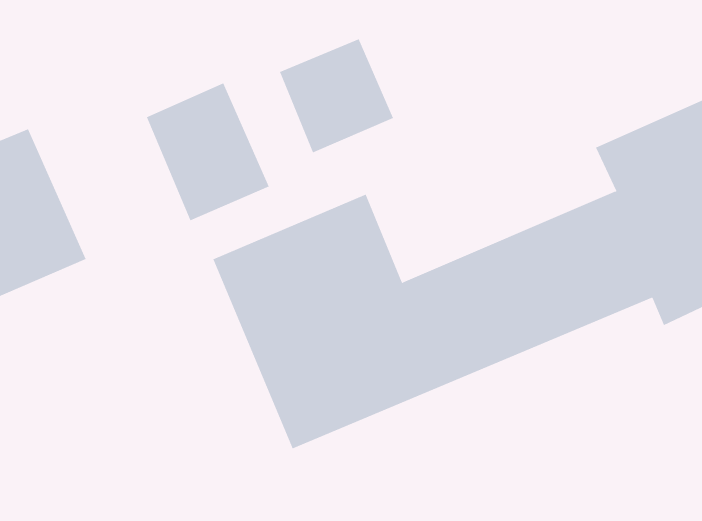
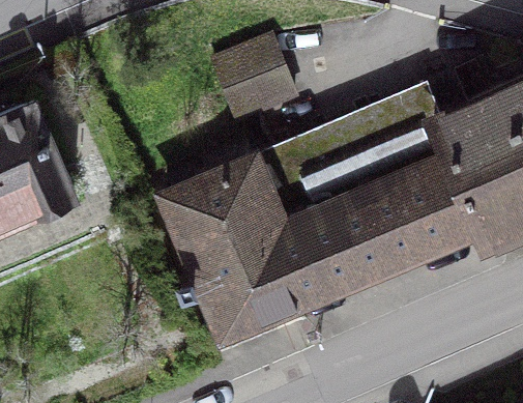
building: [146,83,269,221] -> none
building: none -> [274,91,453,218]

